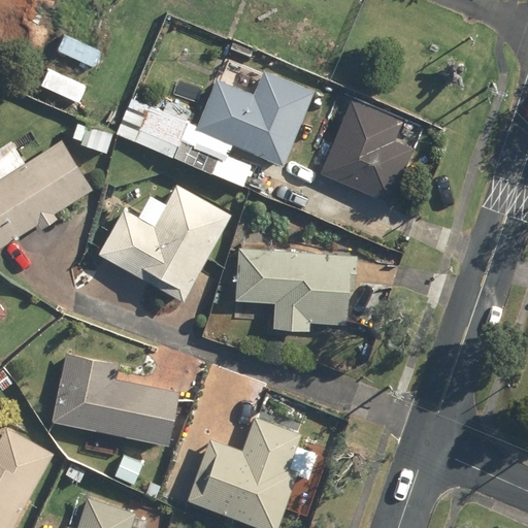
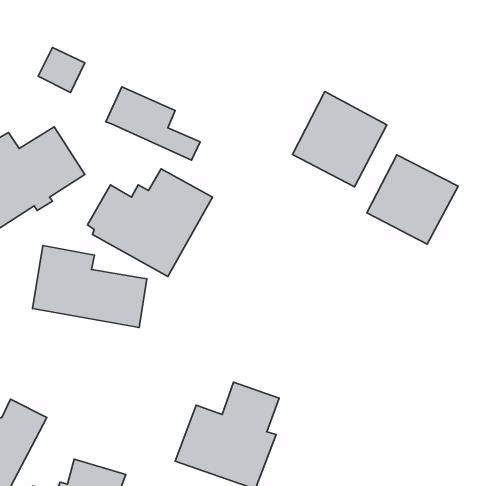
building: [190,71,315,169] -> none
building: none -> [367,155,458,244]
building: [235,246,381,332] -> none
building: [52,355,175,443] -> [32,246,147,328]

